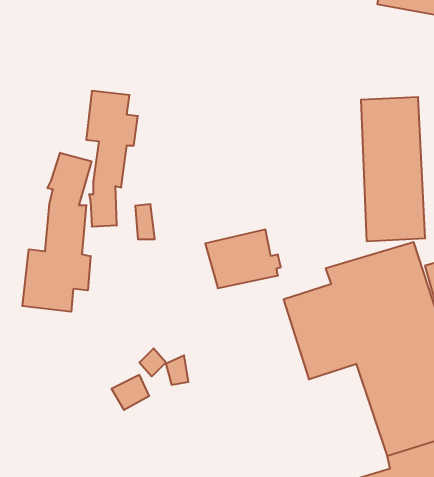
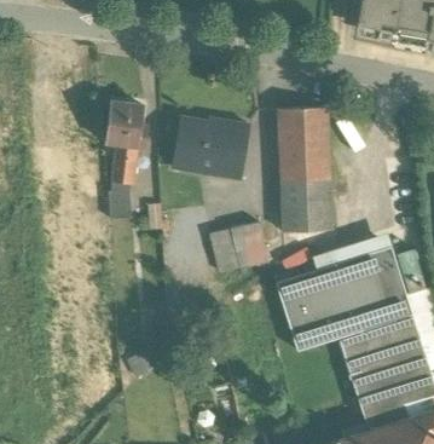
building: [361,97,425,241] -> [277,108,332,232]
building: none -> [172,119,247,181]
building: [22,153,91,312] -> none

